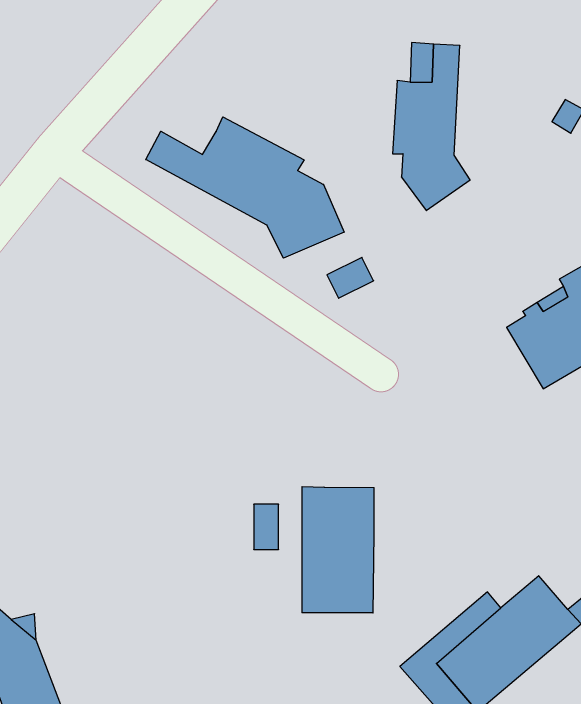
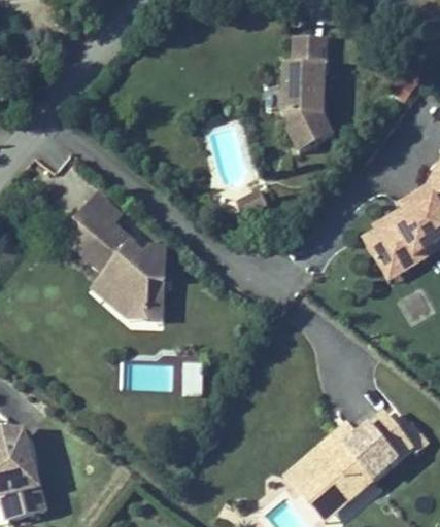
building: [146,117,344,258] -> none
building: none -> [67,195,167,319]
building: [302,487,374,613] -> none

